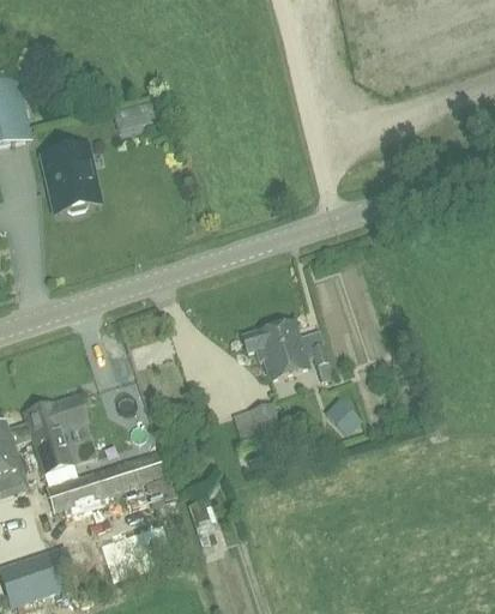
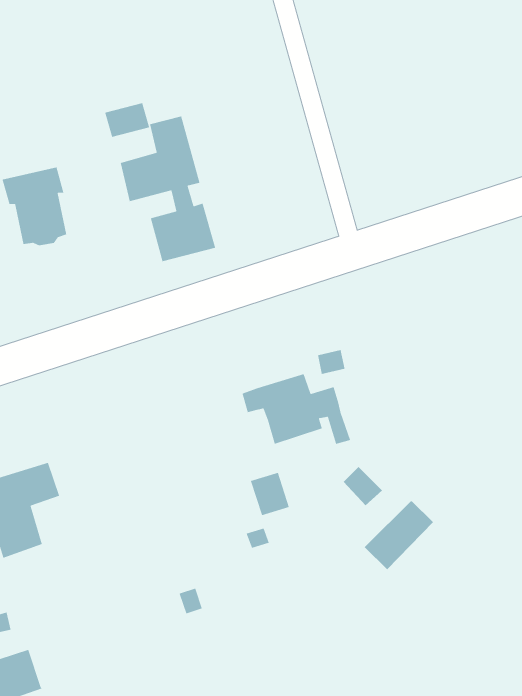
building: none -> [120,116,216,262]
building: none -> [364,499,434,570]
building: [44,449,167,513] -> none

